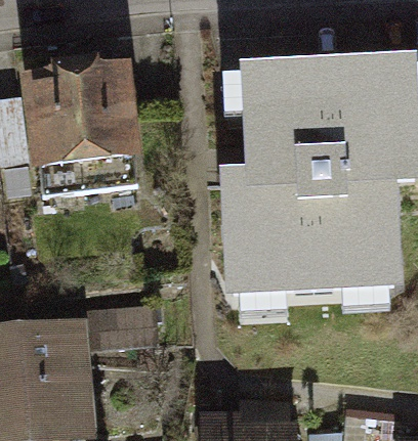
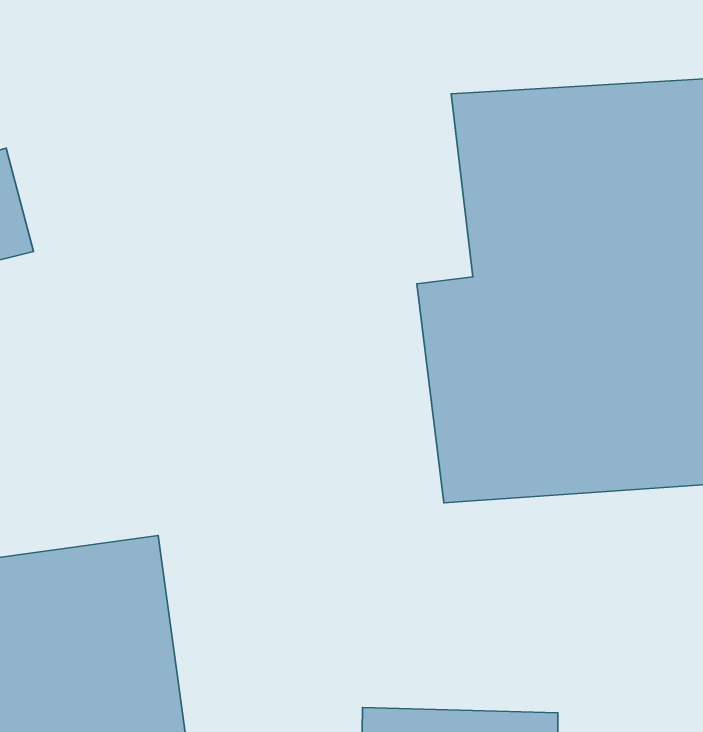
building: [33,57,159,170] -> none

